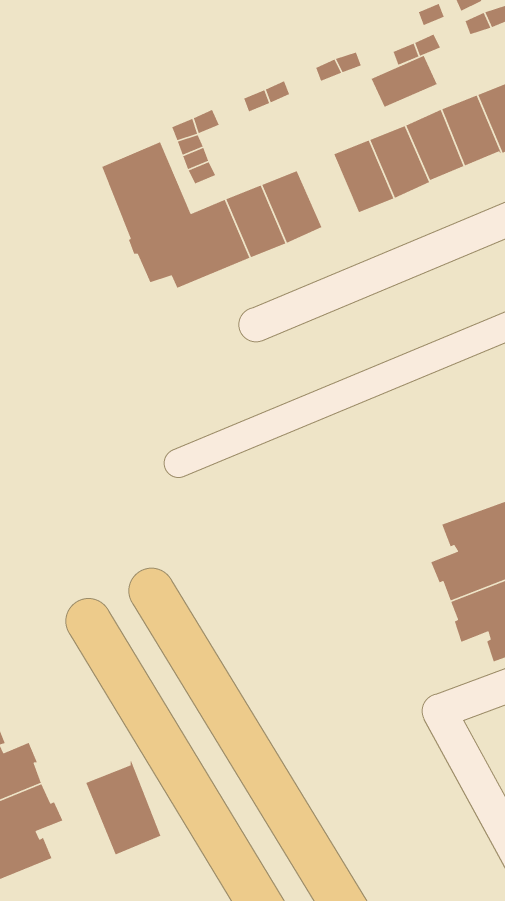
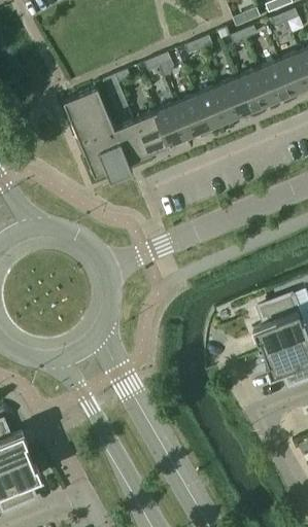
building: [370,55,438,108] -> none
building: none -> [175,95,210,137]
building: [85,760,161,855] -> none

